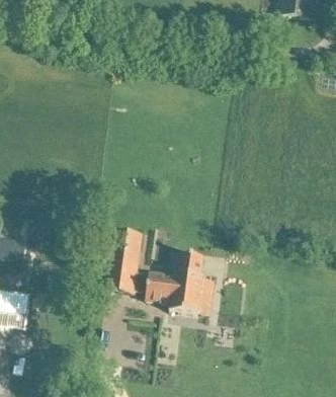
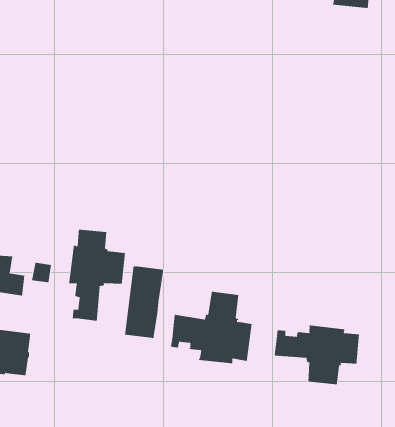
building: none -> [69,229,125,322]
building: none -> [274,324,360,385]

